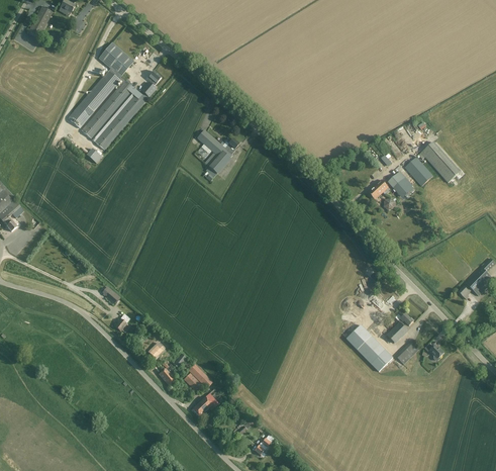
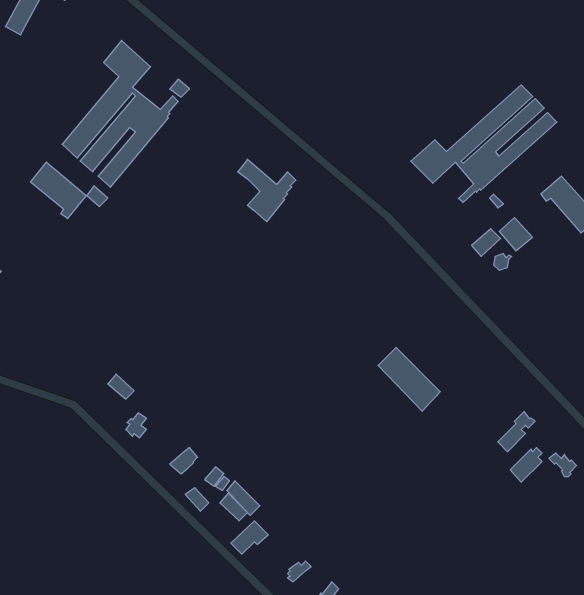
building: none -> [411,85,557,203]
building: none -> [31,162,86,219]
building: [404,157,432,186] -> none
building: [346,325,392,372] -> [378,347,440,411]

